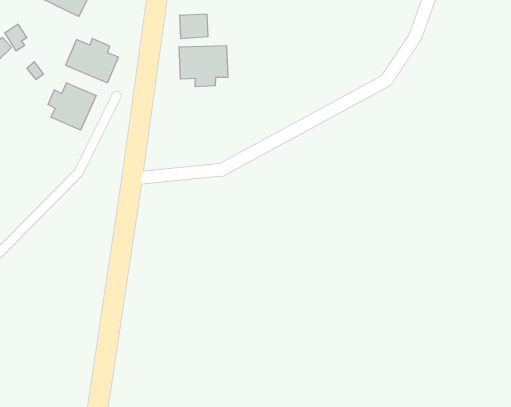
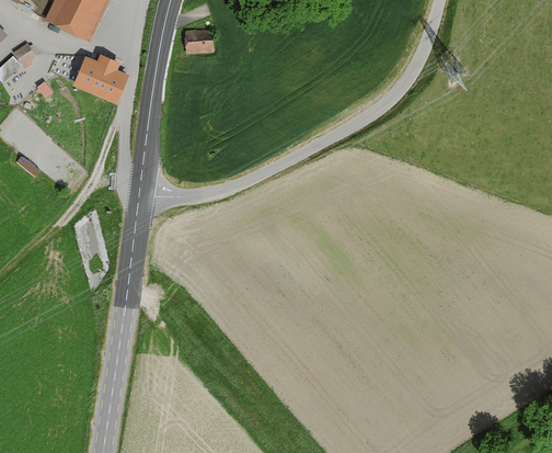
building: [179,45,228,87] -> none
building: [48,83,96,130] -> none

